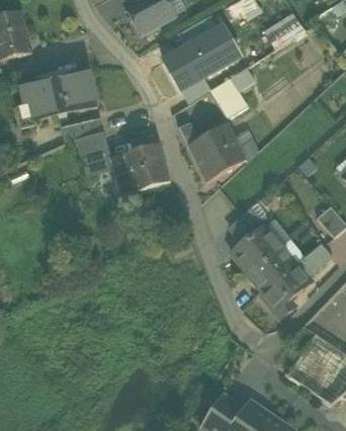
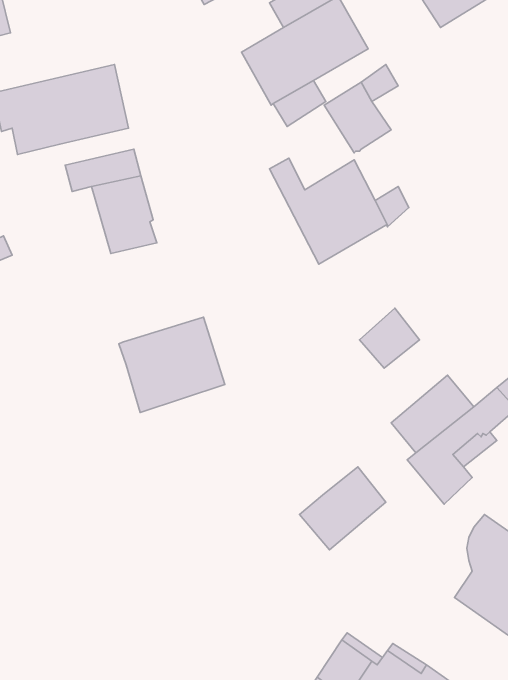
building: [110,142,171,196] -> [119,317,225,413]
building: [232,225,281,272] -> [300,467,386,550]

